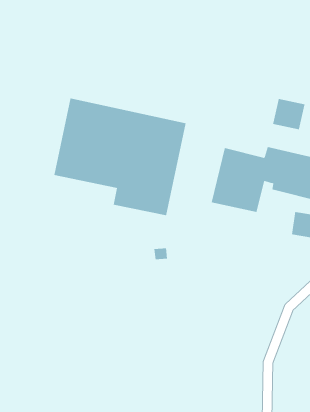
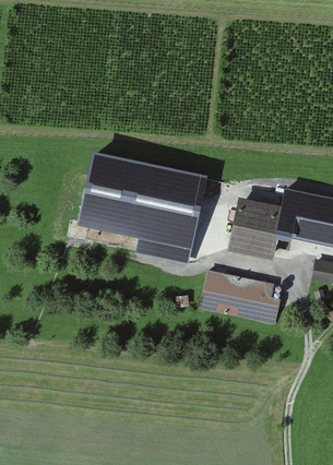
building: [273,98,305,130] -> none
building: none -> [198,269,281,325]

